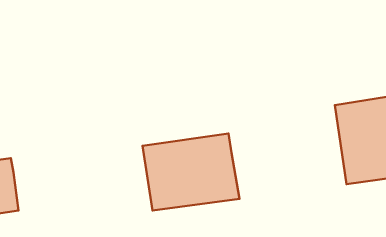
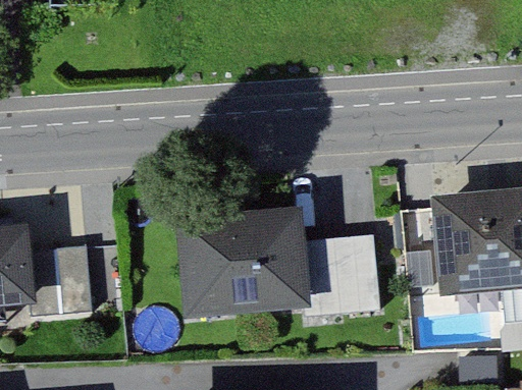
building: none -> [299,239,378,302]
building: none -> [23,245,91,316]

